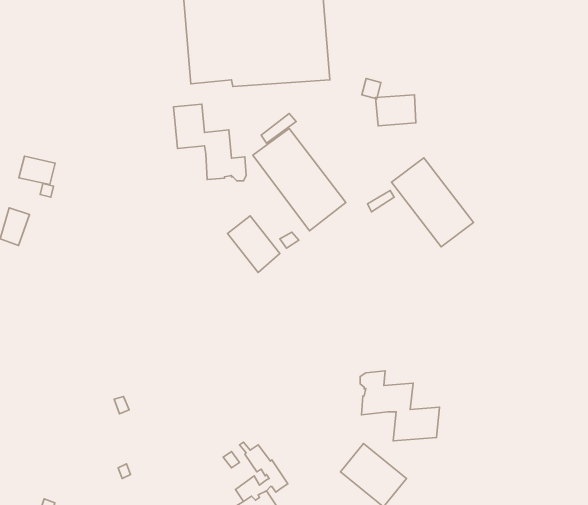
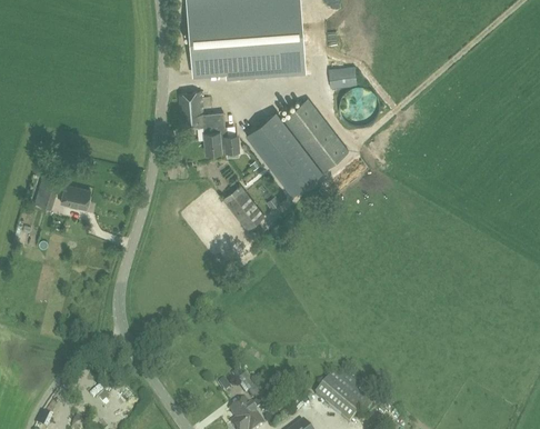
building: [19,156,55,185] -> [60,186,90,209]
building: [391,158,474,247] -> [281,99,349,172]
building: [360,371,439,441] -> none

